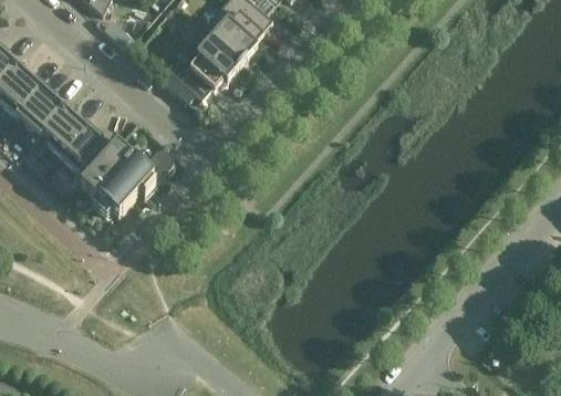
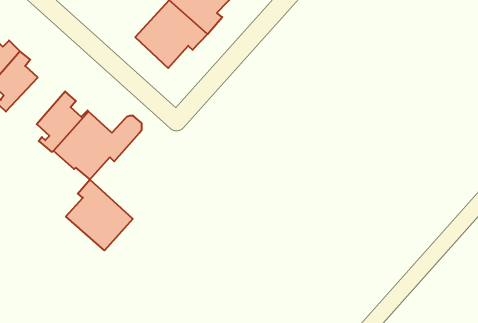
building: [30,110,92,158] -> none
building: none -> [66,180,133,250]

